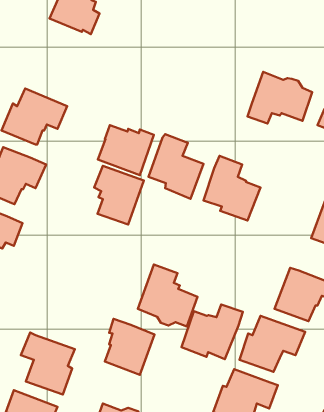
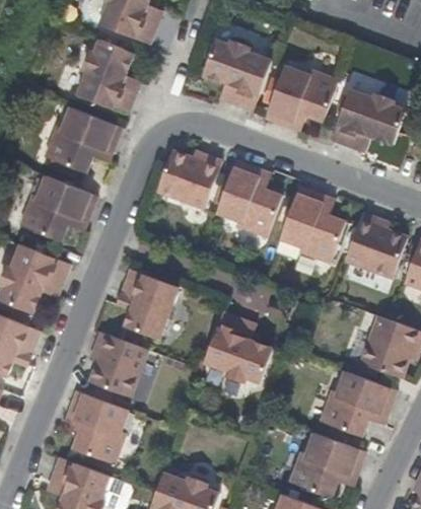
building: none -> [79,41,136,117]
building: none -> [200,41,270,112]
building: none -> [263,66,337,129]
building: [94,166,144,224] -> [120,271,178,339]
building: none -> [344,213,407,277]
building: [181,304,243,359] -> none
building: [105,319,155,375] -> [89,332,147,396]

